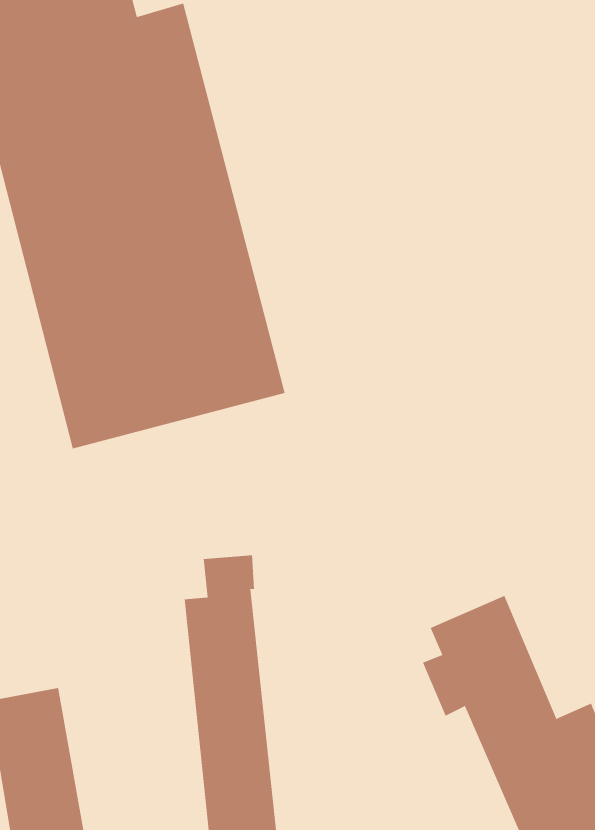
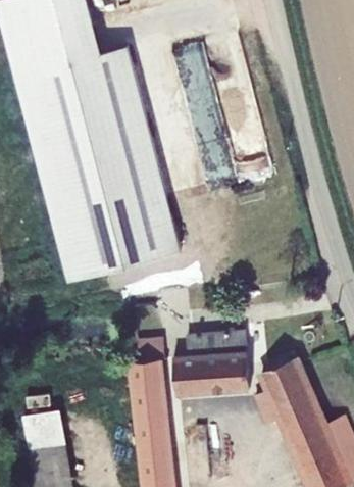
building: none -> [172,332,249,396]

